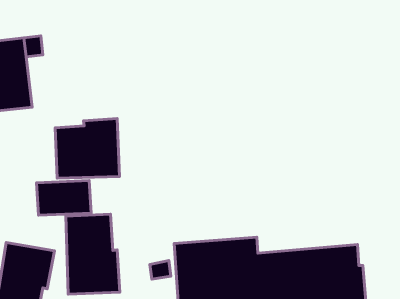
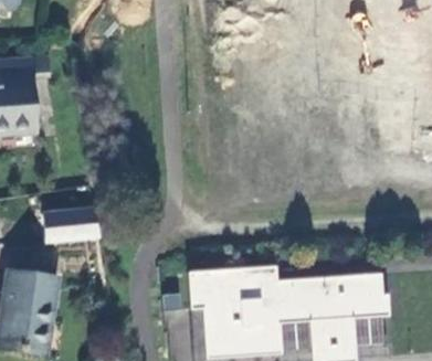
building: [55,118,120,178] -> none
building: [66,214,120,294] -> none

